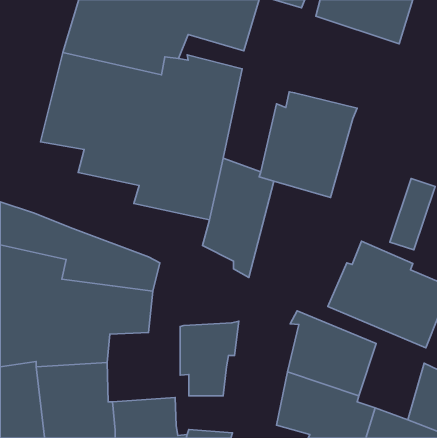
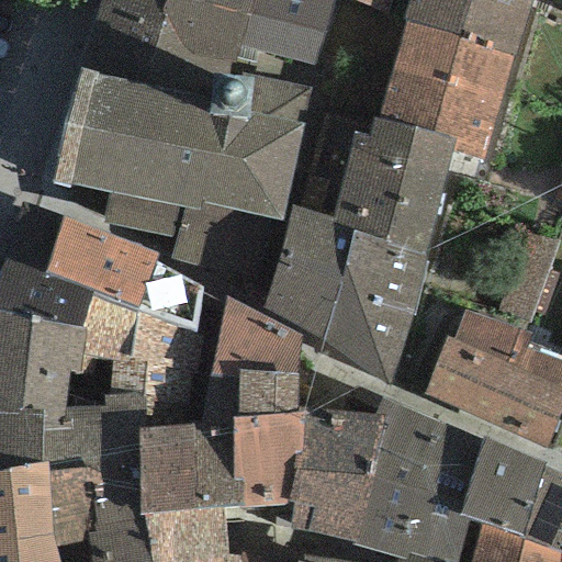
building: none -> [379,21,513,161]
building: none -> [45,218,202,328]
building: none -> [321,232,425,384]
building: none -> [209,295,301,416]
building: none -> [288,411,384,543]
building: none -> [139,417,244,514]
building: none -> [459,439,546,537]

